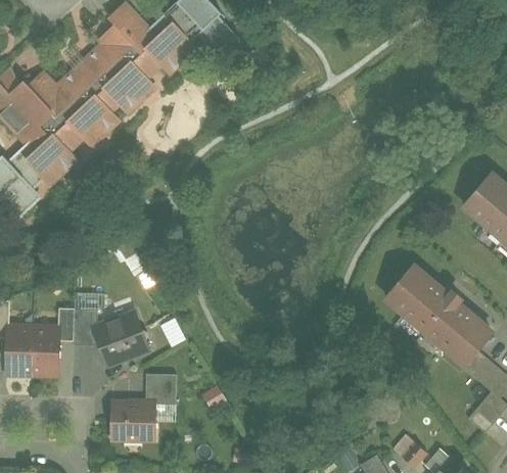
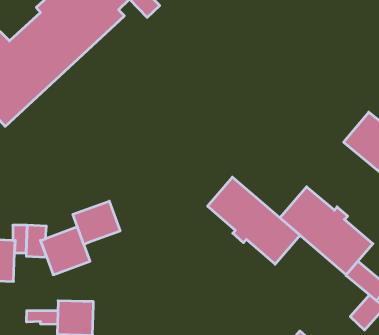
building: none -> [208,177,300,264]
building: none -> [73,201,120,244]
building: [144,375,175,405] -> none
building: none -> [27,310,58,324]

